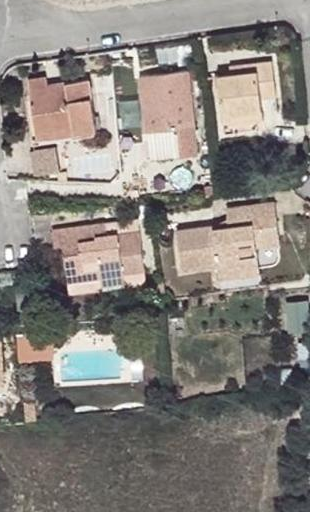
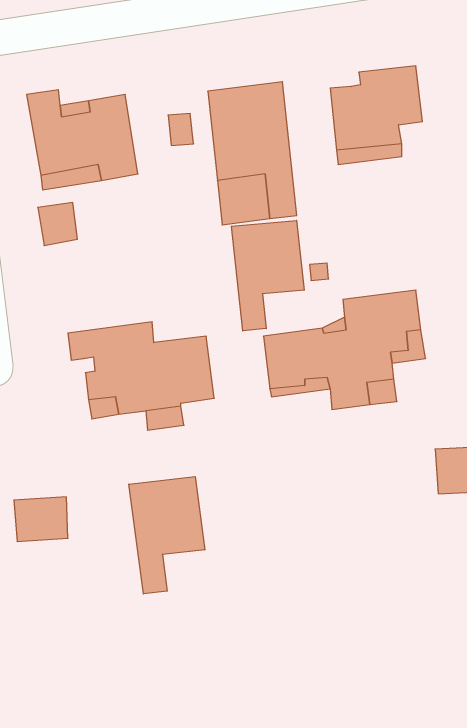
building: none -> [231,220,304,331]
building: none -> [129,477,205,594]

